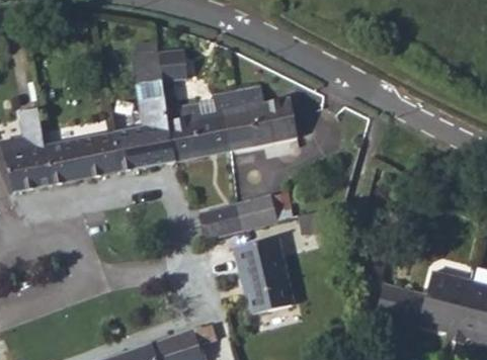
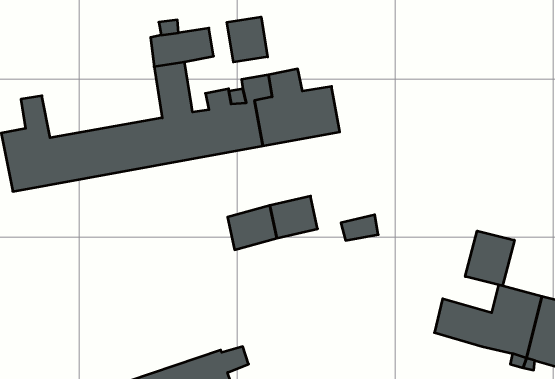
building: none -> [227,17,268,62]
building: none -> [465,231,514,286]
building: [233,240,294,316] -> none

